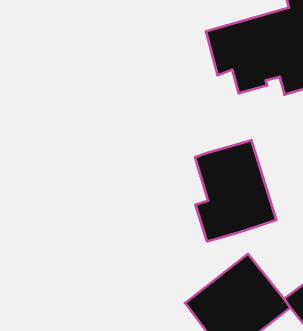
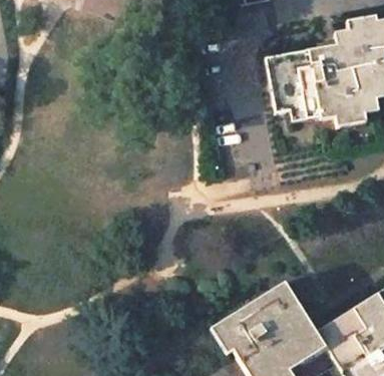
building: [195,140,276,241] -> none

